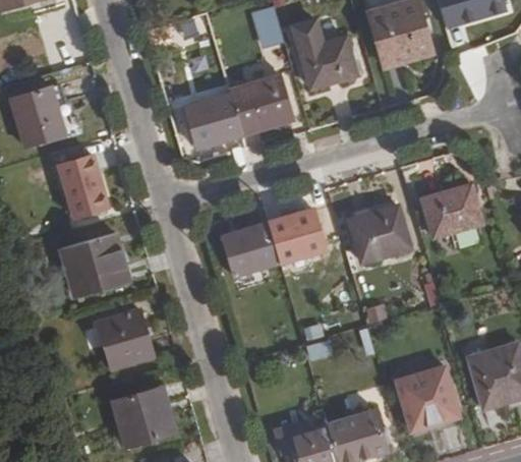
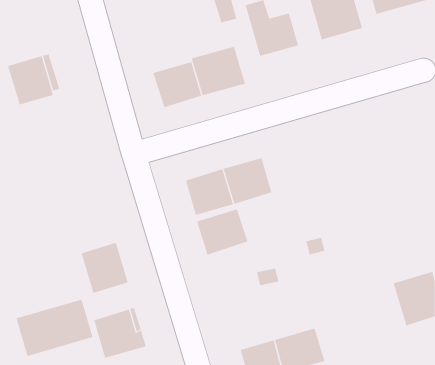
building: [59,155,108,217] -> none
building: [420,183,482,238] -> none
building: [348,205,410,263] -> none
building: [61,232,129,298] -> none
building: none -> [197,208,248,255]
building: [395,366,460,430] -> none
building: none -> [16,299,93,357]

